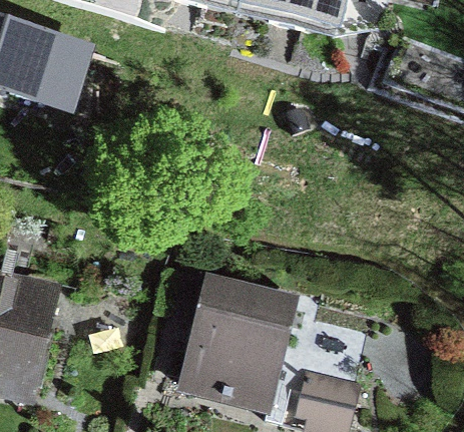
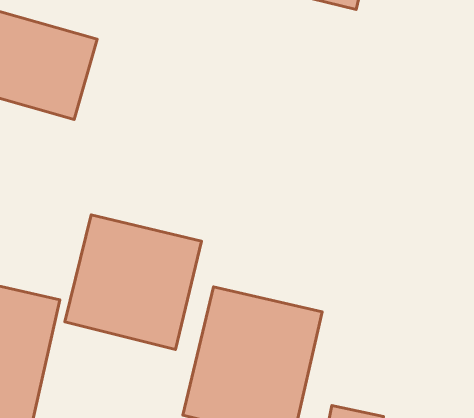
building: none -> [65,215,201,350]

